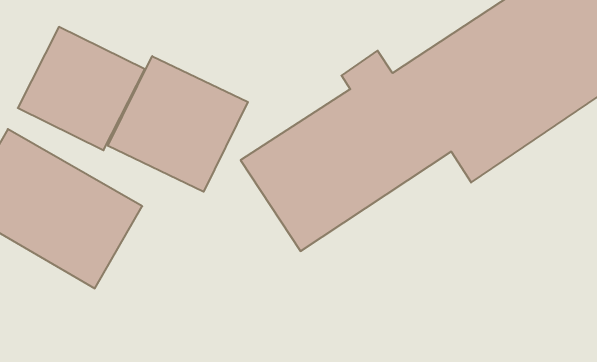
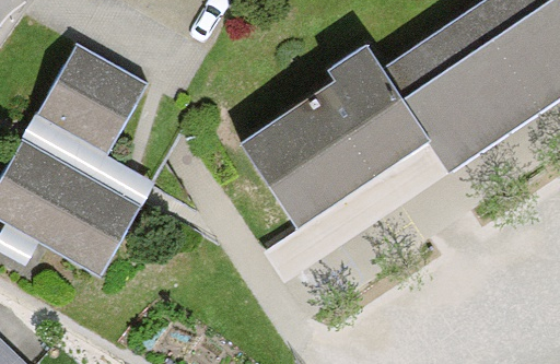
building: [108,56,248,192] -> none

